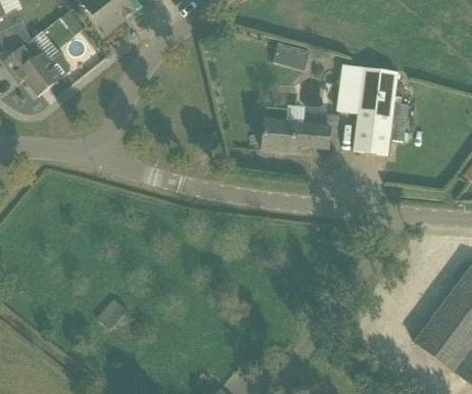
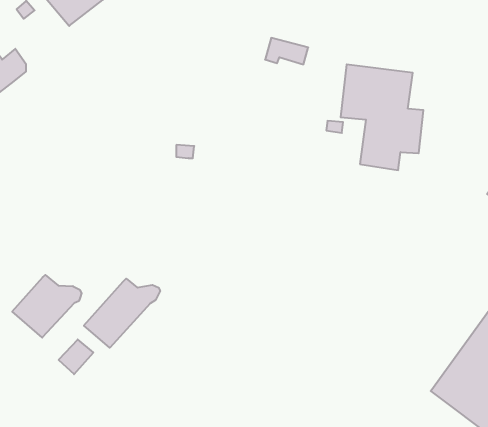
building: [262,107,330,151] -> none
building: none -> [12,275,82,338]
building: none -> [84,279,160,348]

